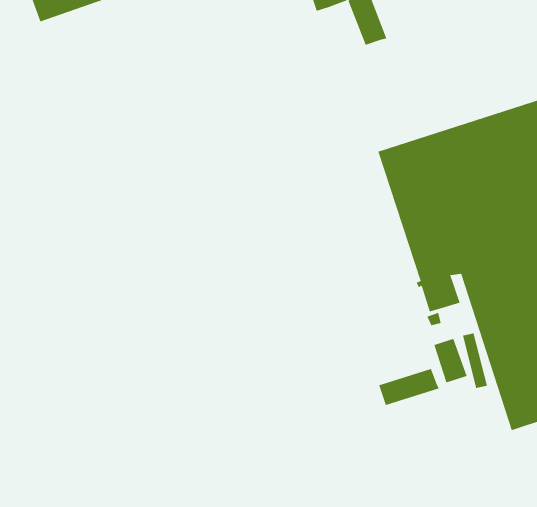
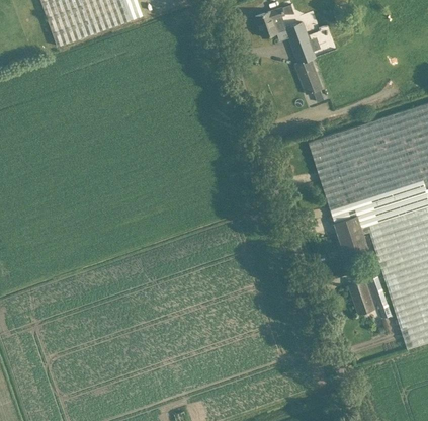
building: none -> [295,58,323,93]
building: [379,368,439,406] -> none

